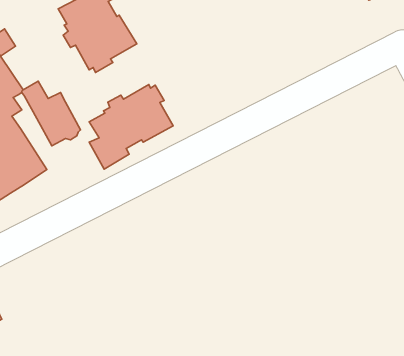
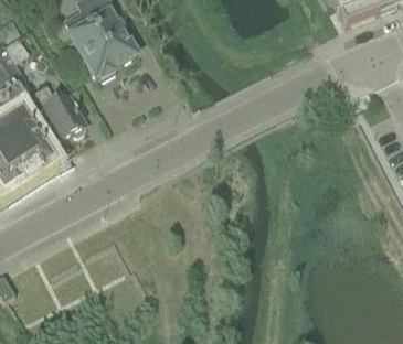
building: [89,84,173,169] -> none

